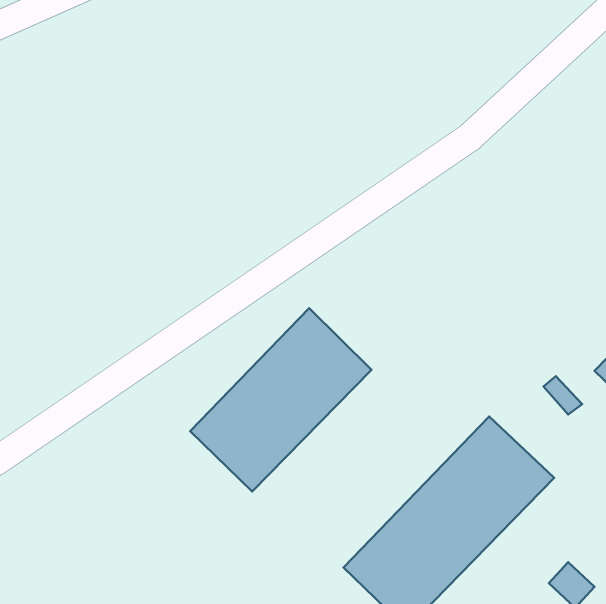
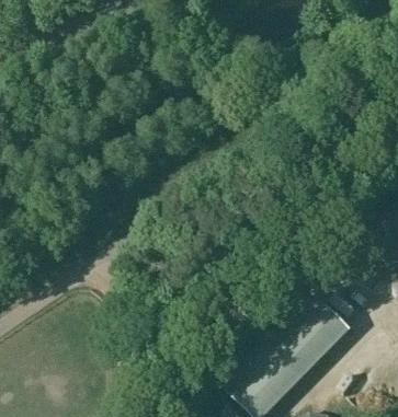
building: [190,308,371,491] -> none

